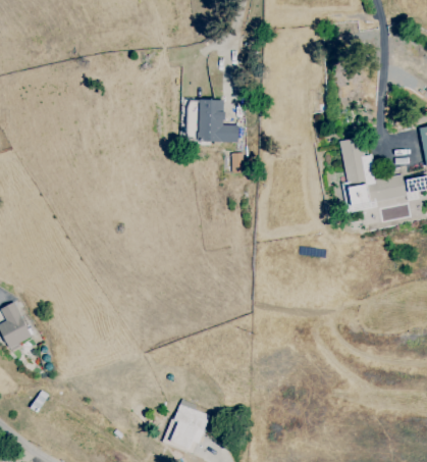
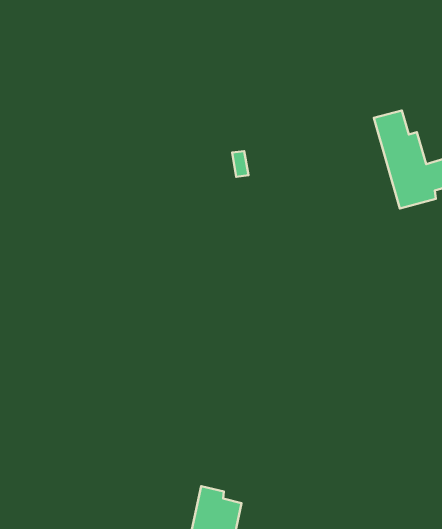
building: [188,100,238,142] -> none

